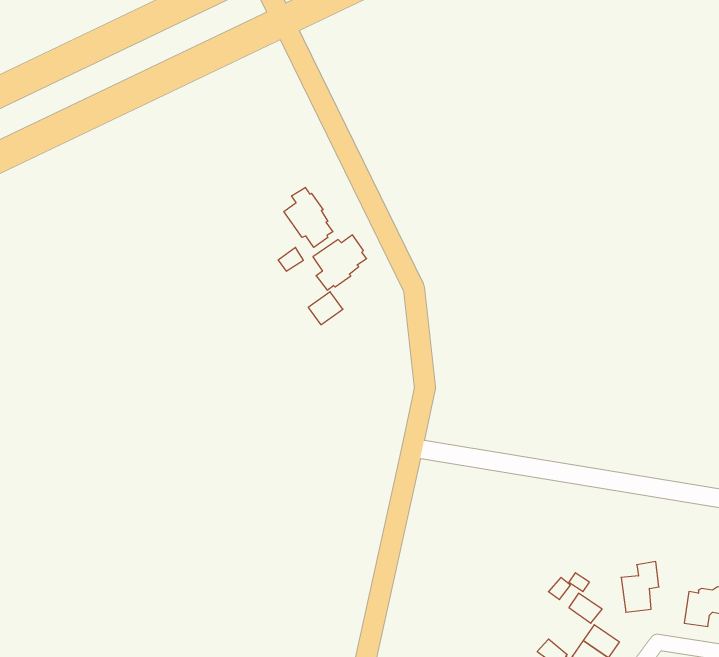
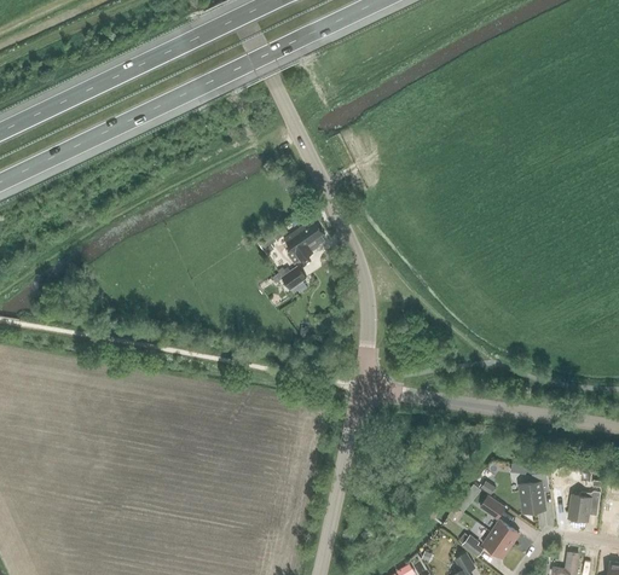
building: [284,187,333,247] -> none

